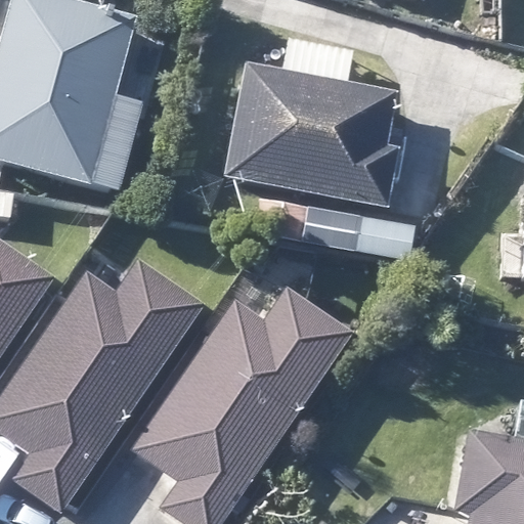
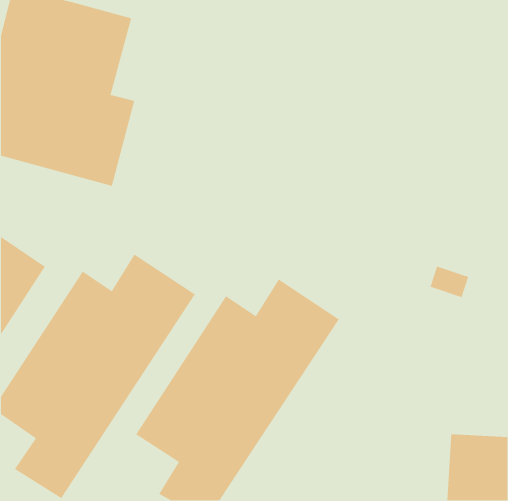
building: [228,61,397,204] -> none

